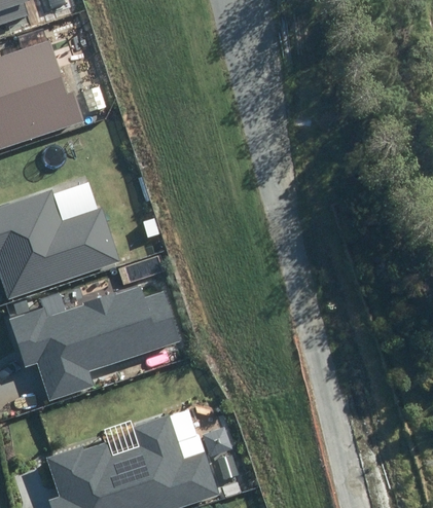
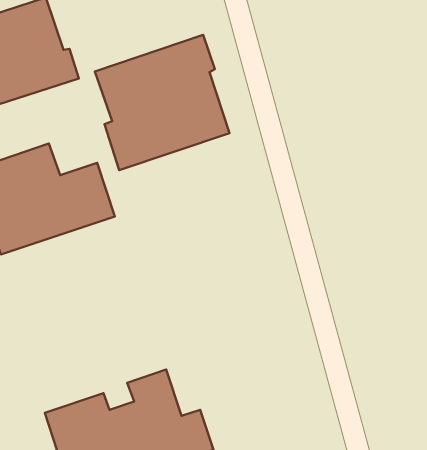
building: none -> [95,35,229,170]
building: [11,283,183,397] -> none

